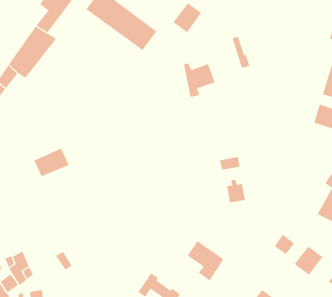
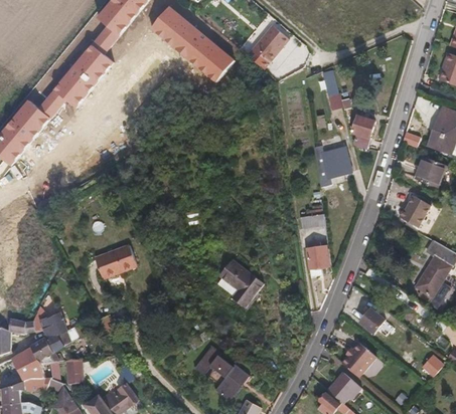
building: [183,63,215,98] -> [313,146,350,187]
building: none -> [350,116,374,149]
building: none -> [398,195,430,228]
building: [34,148,69,177] -> [94,245,136,278]
building: [187,240,224,281] -> [218,259,263,308]
building: [294,246,323,276] -> [340,343,375,378]

